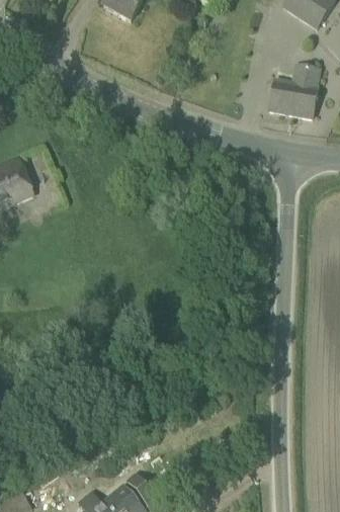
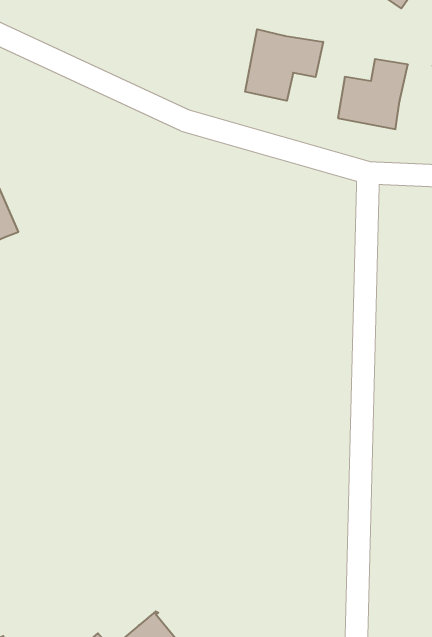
building: none -> [245,29,323,101]

